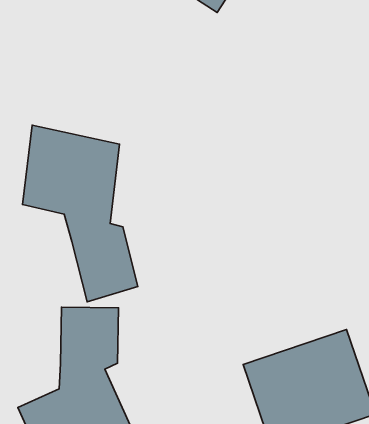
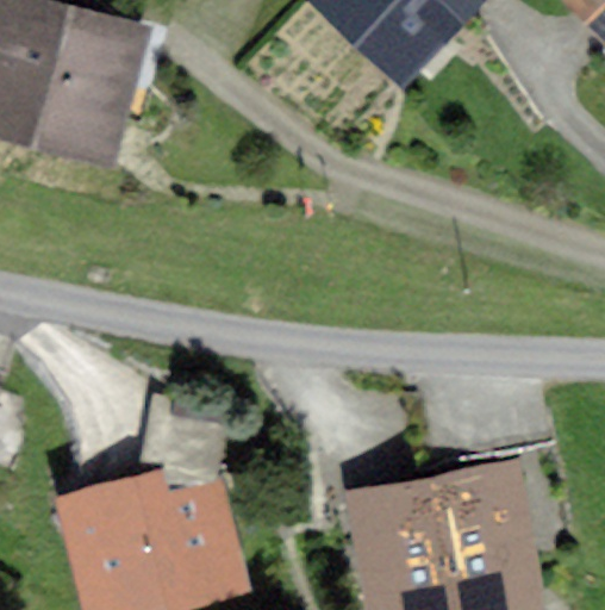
building: [23,125,138,302] -> none

